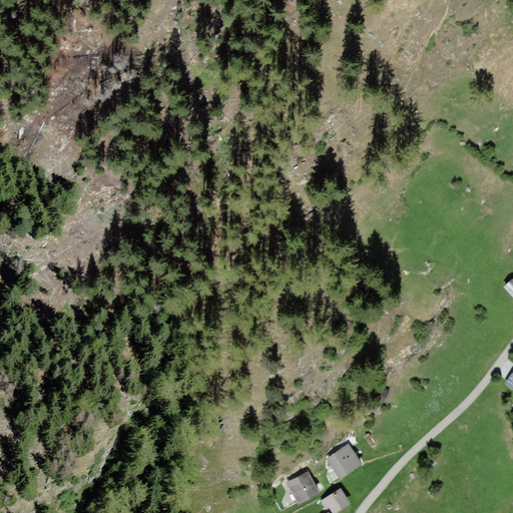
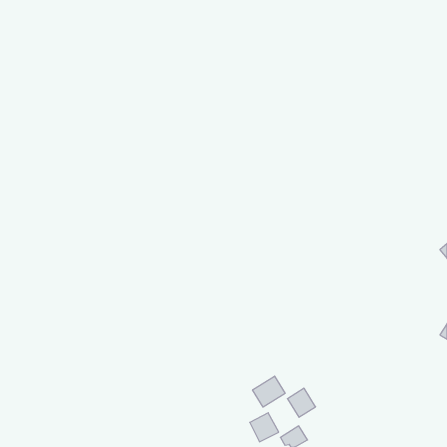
building: none -> [253,376,285,407]

